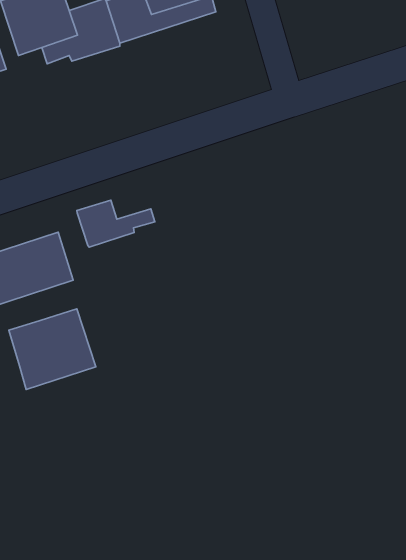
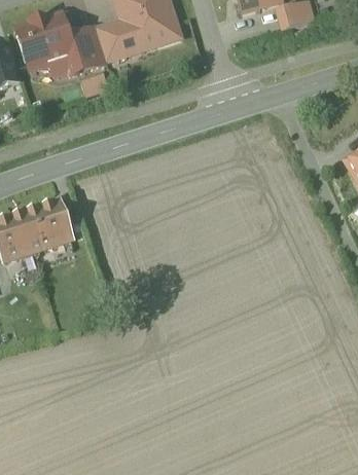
building: [77,200,155,247] -> none
building: [9,309,96,389] -> none

